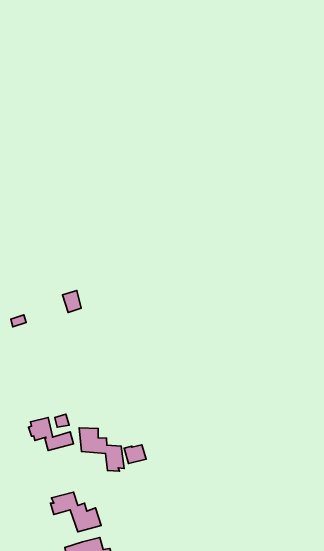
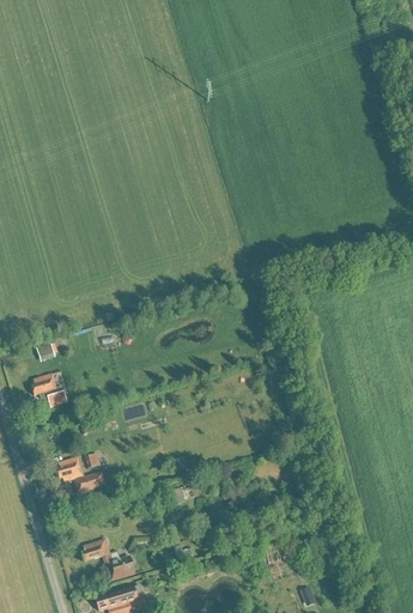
building: none -> [34,374,67,406]
building: [79,428,124,471] -> none

